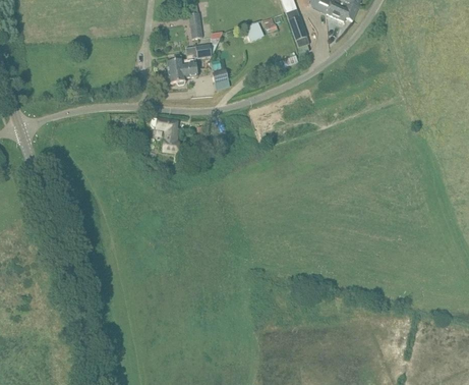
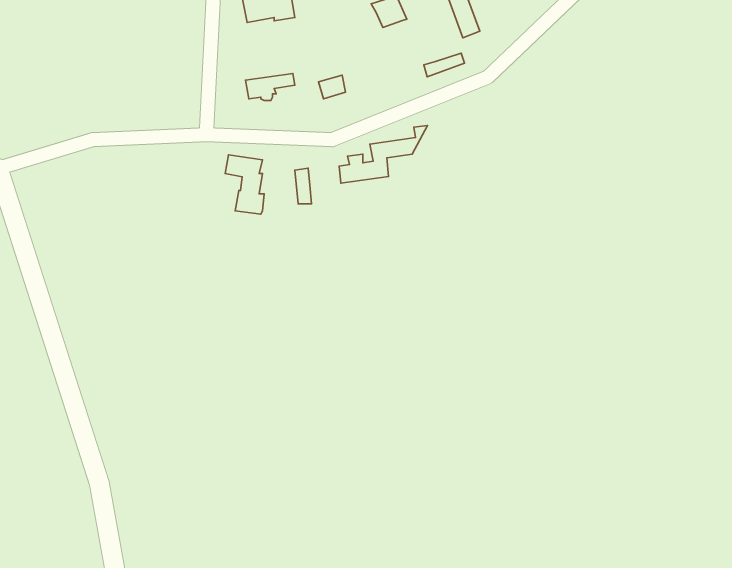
building: [167,38,220,72] -> [339,125,427,183]

